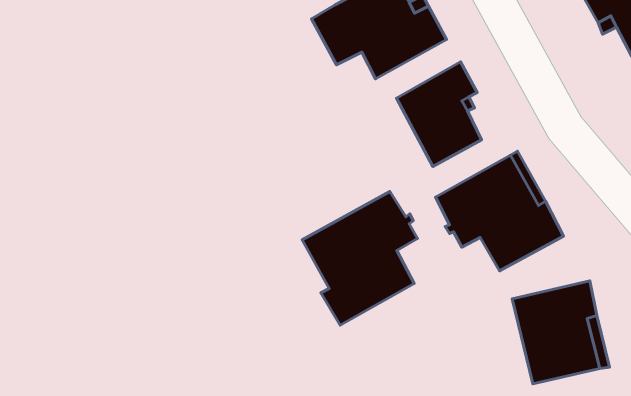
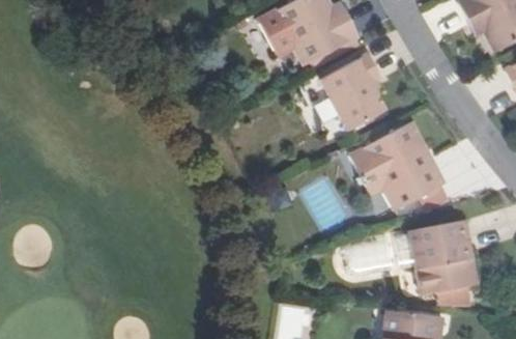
building: [302,191,418,325] -> none

